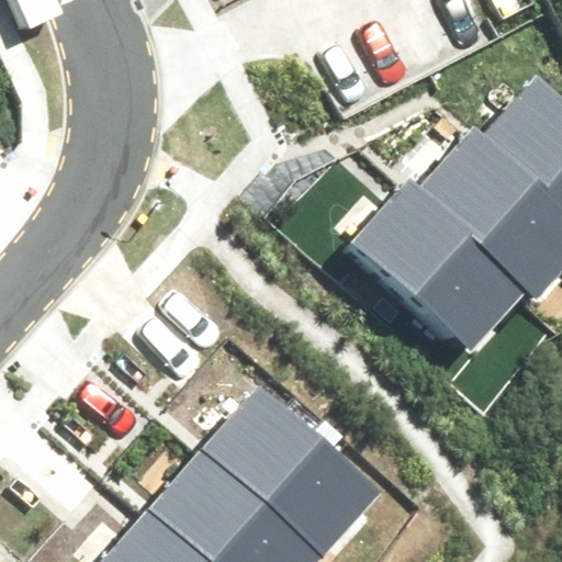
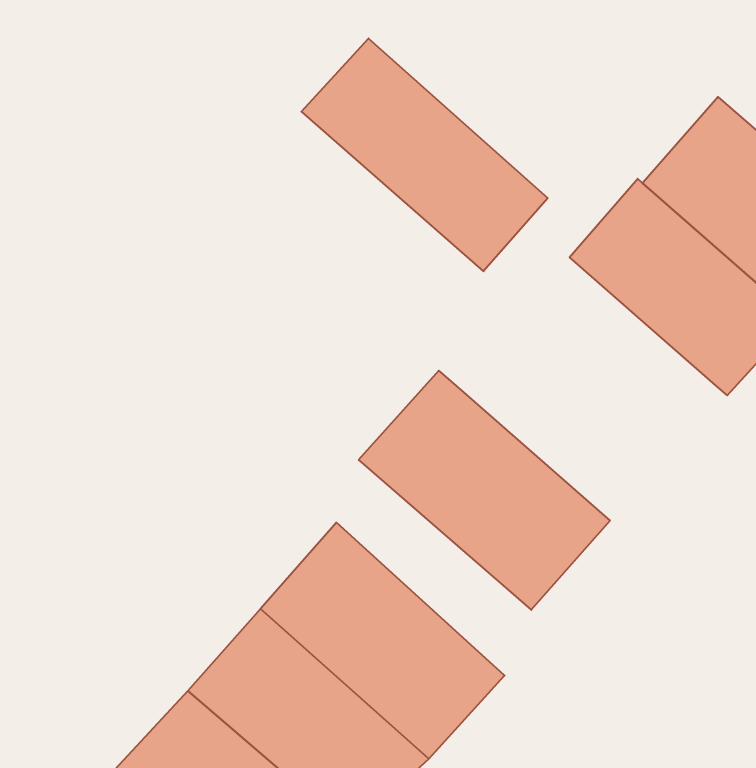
building: none -> [301,38,548,271]
building: [351,177,533,350] -> [359,371,610,610]

